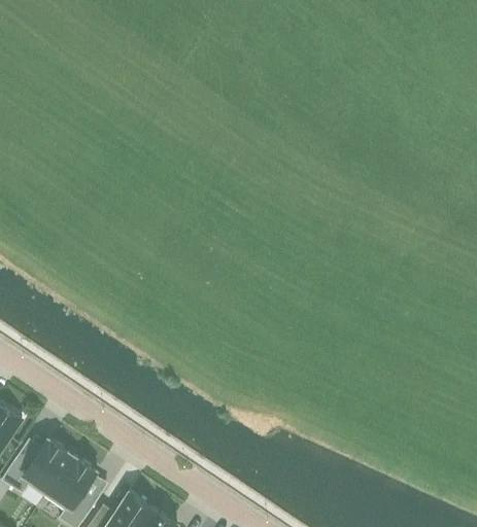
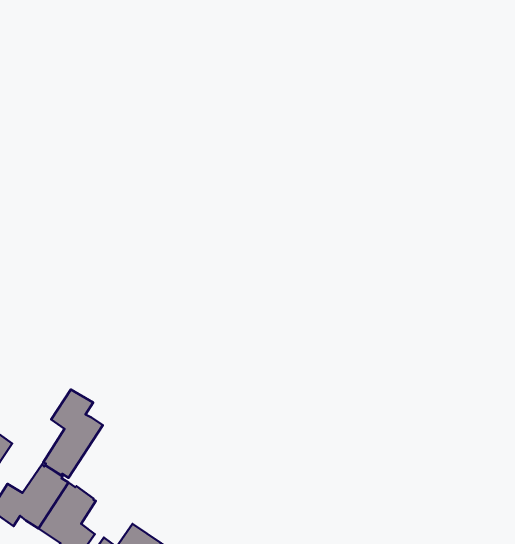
building: none -> [43,389,103,478]

